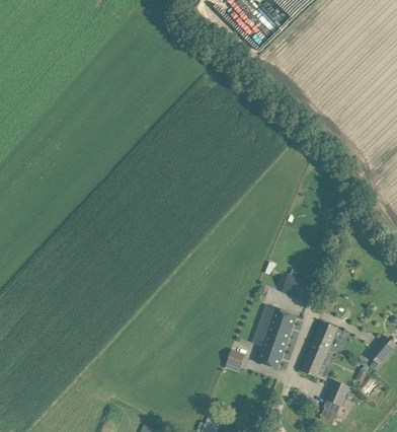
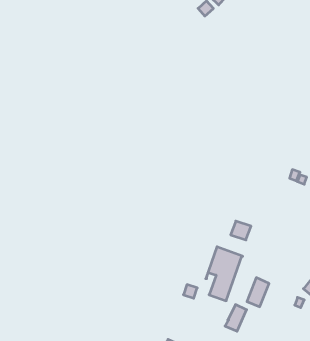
building: [314,322,338,350] -> none
building: [324,381,349,413] -> [225,305,247,331]

